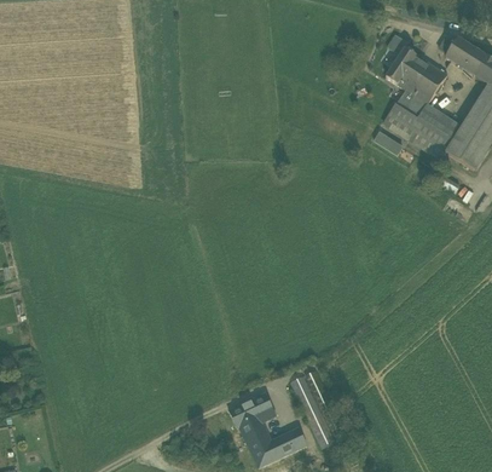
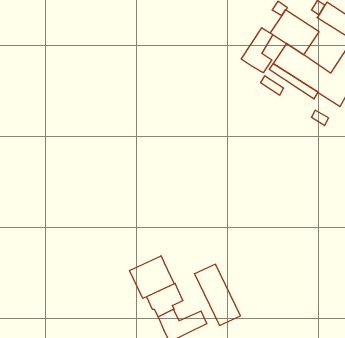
building: none -> [241,28,273,73]
building: none -> [130,256,174,298]

